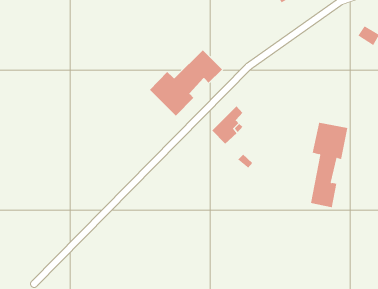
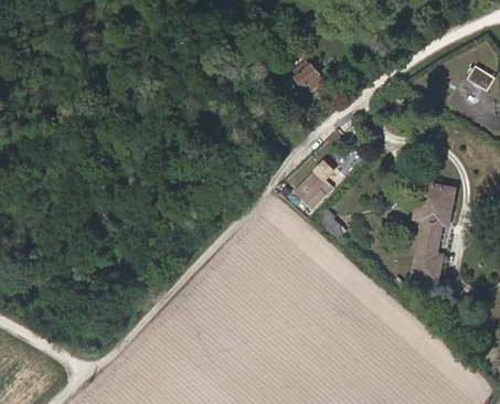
building: none -> [292,61,320,91]
building: [149,50,223,117] -> none

